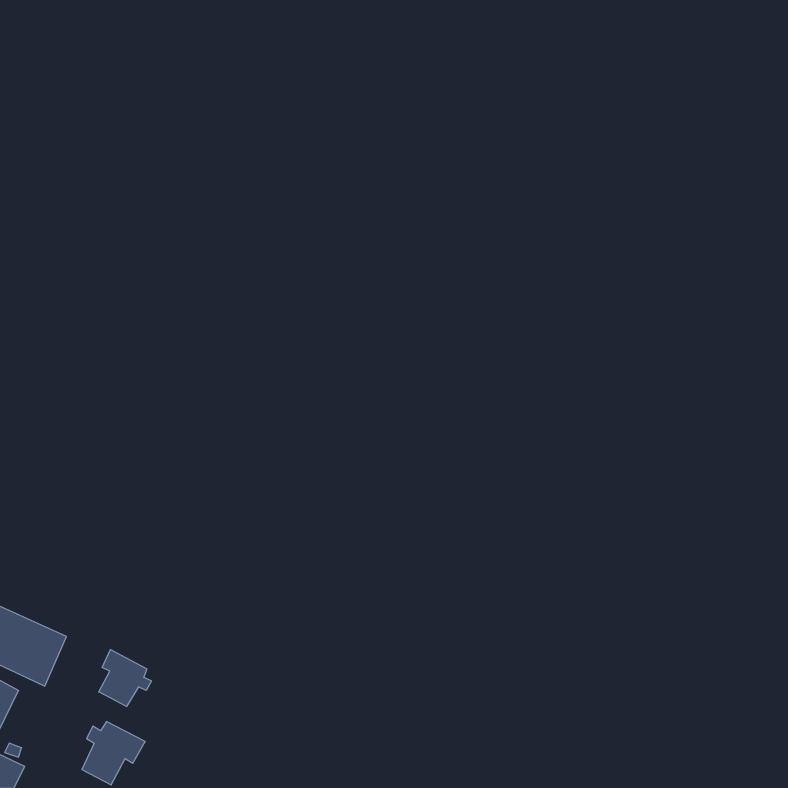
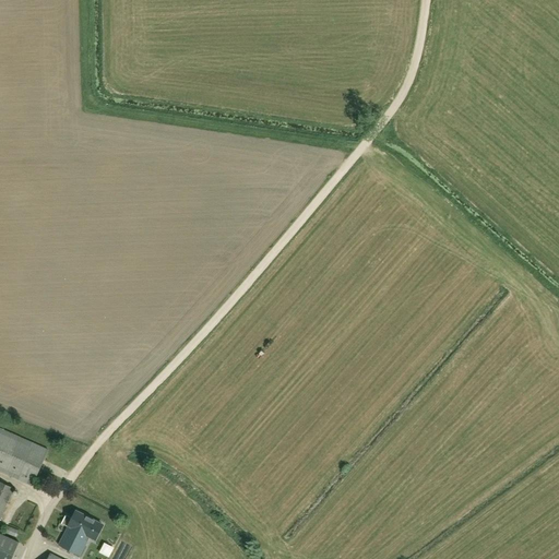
building: [99,650,151,707] -> none

